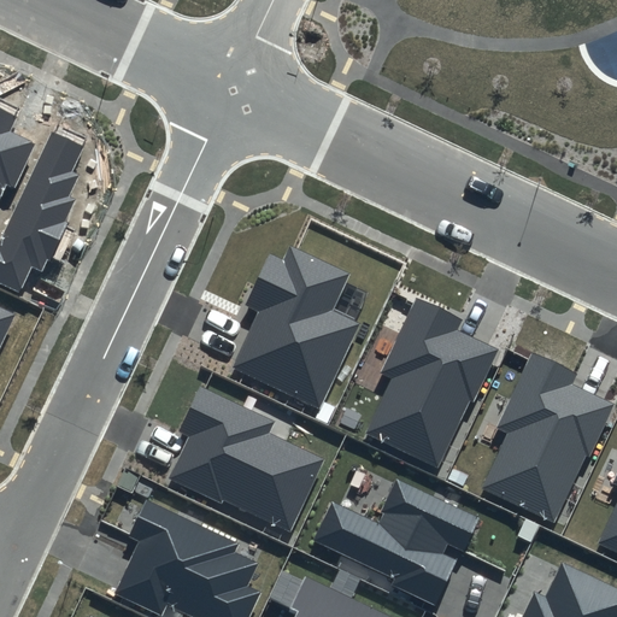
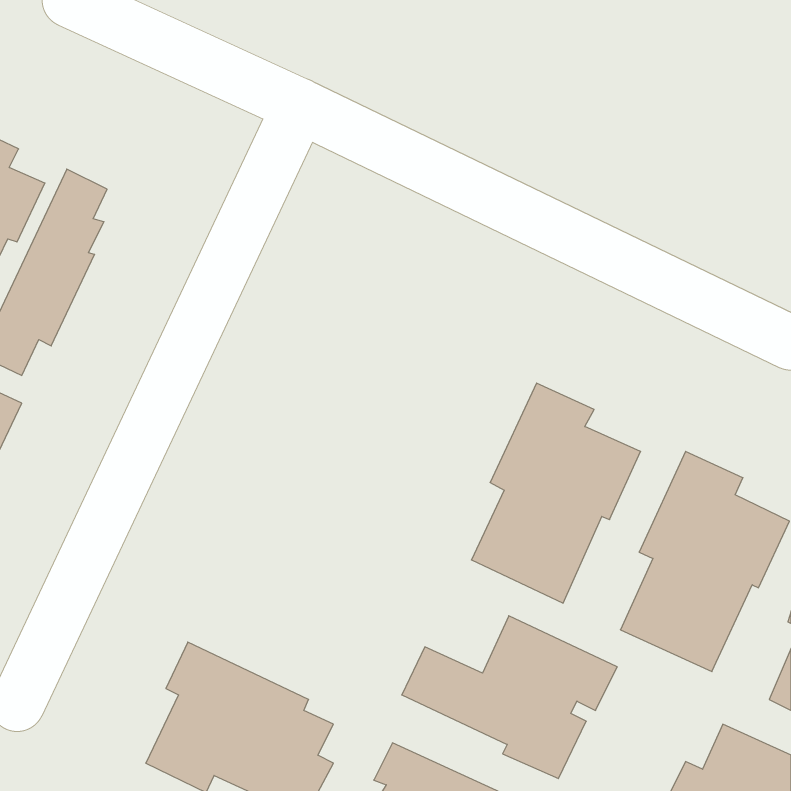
building: [233,247,359,410] -> none
building: [168,384,324,531] -> none

